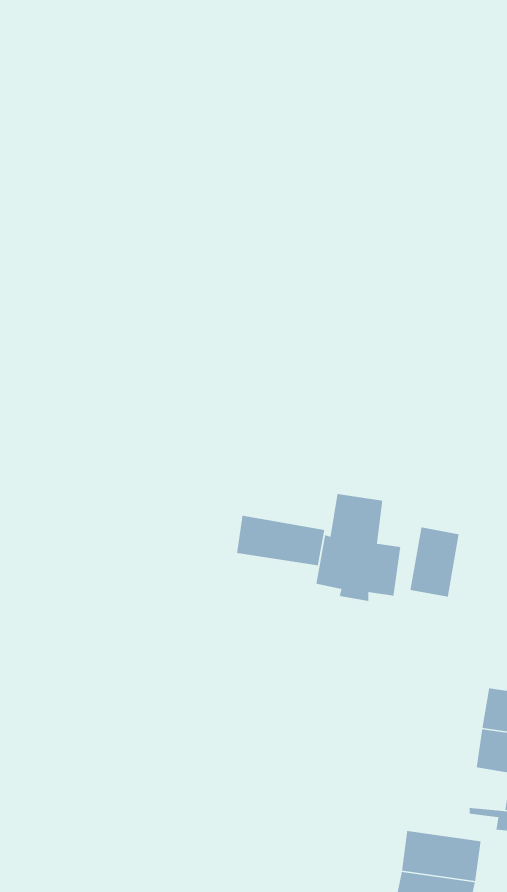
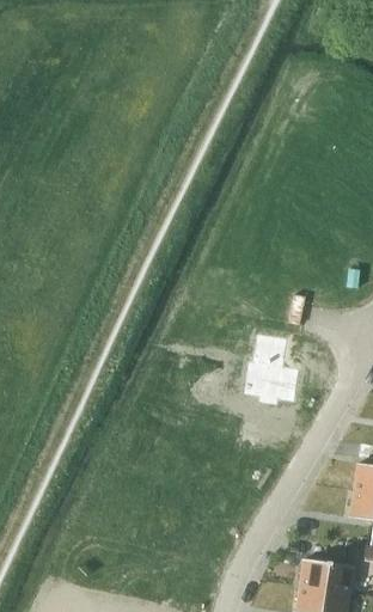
building: [236,515,325,566] -> none
building: [409,527,460,598] -> none

